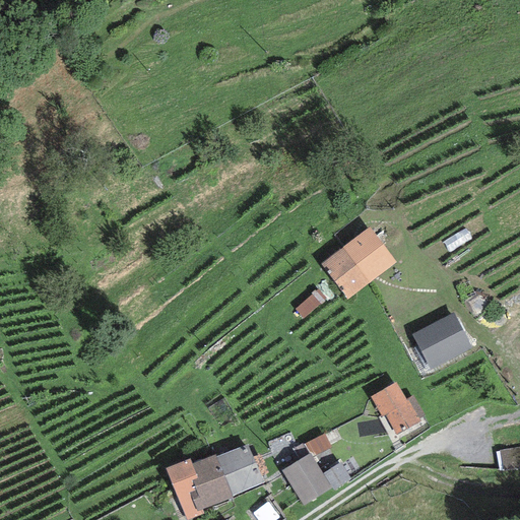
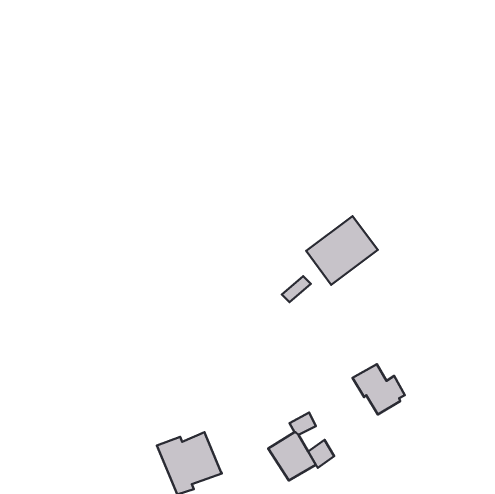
building: [411,312,472,369] -> none
building: [215,443,263,495] -> none

